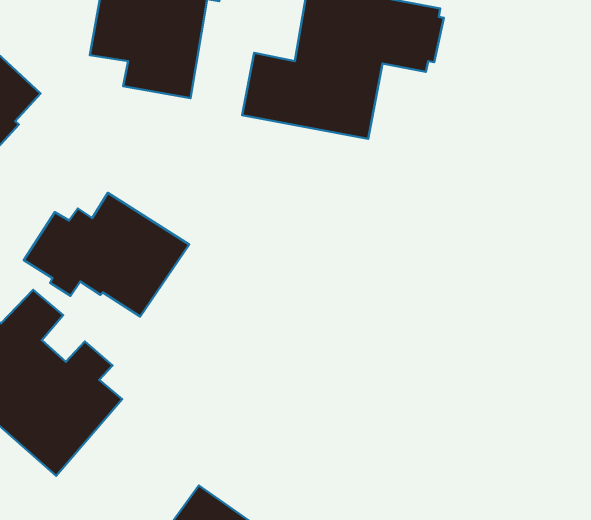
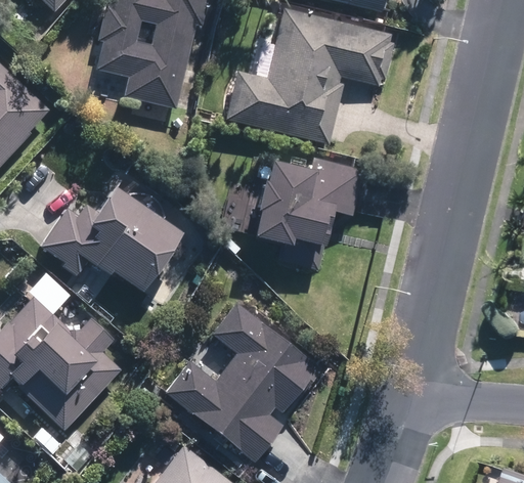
building: none -> [247,157,365,270]
building: none -> [165,300,323,463]

